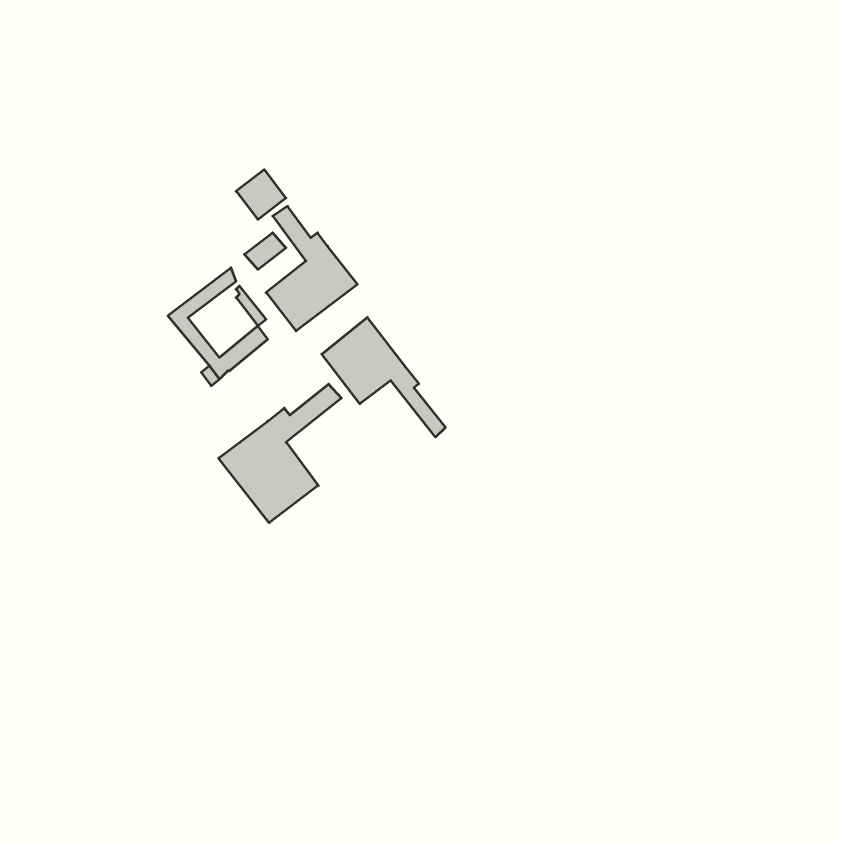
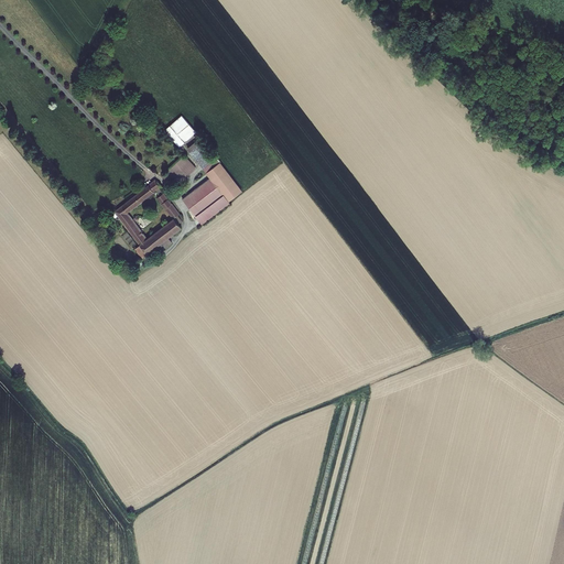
building: [322,317,445,437] -> none
building: [219,384,341,523] -> none

